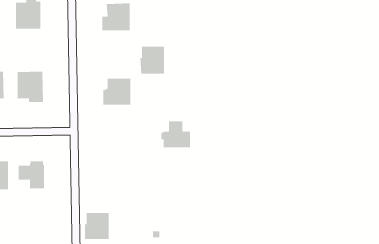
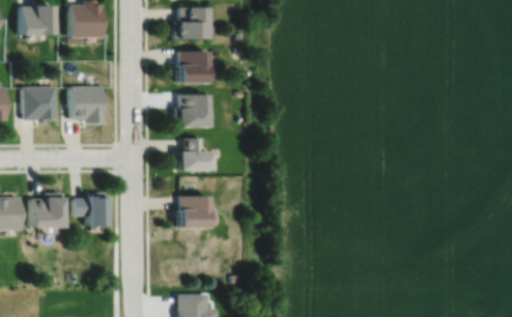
building: [140,46,165,74] -> [178,50,208,83]
building: [160,121,191,148] -> [176,138,212,170]
building: [84,212,110,239] -> [179,196,209,228]

